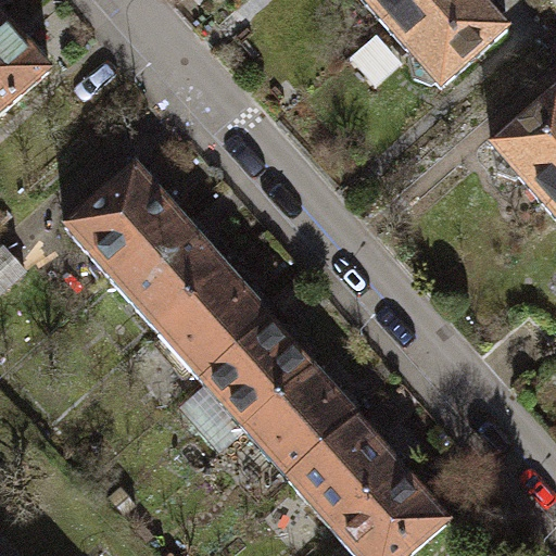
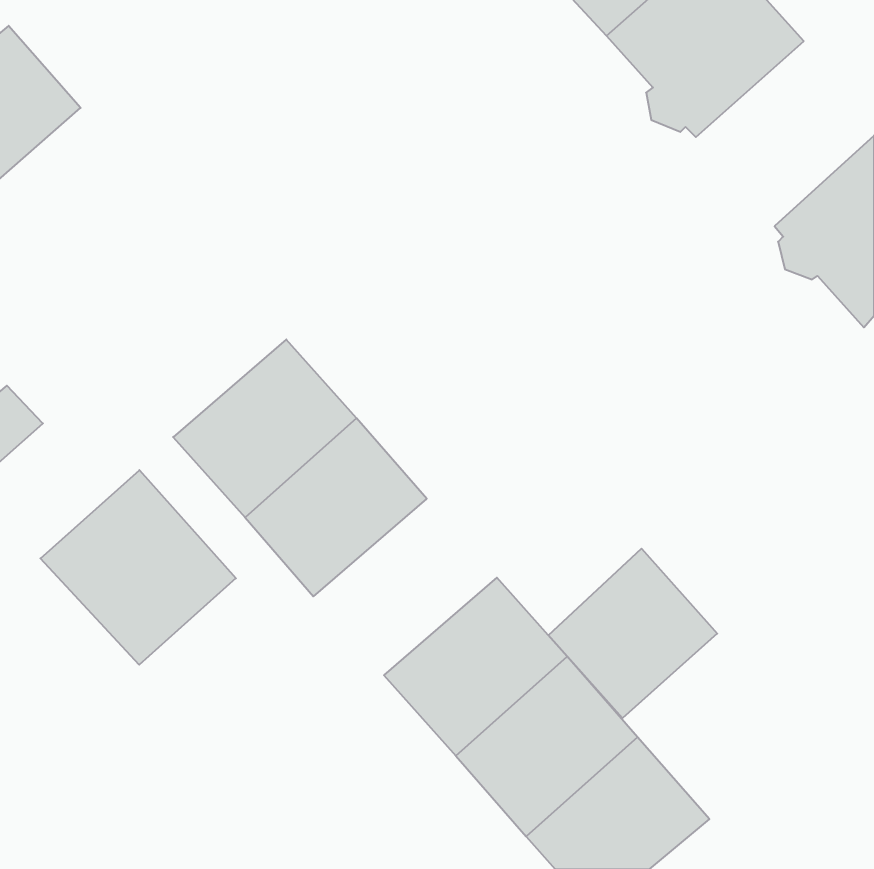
building: [64,163,181,277] -> none
building: none -> [40,470,236,665]
building: [199,316,315,428] -> none
building: none -> [548,549,717,718]

